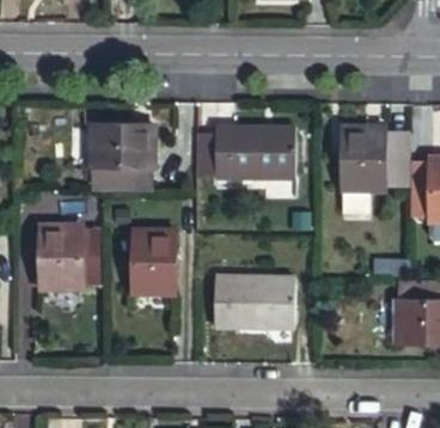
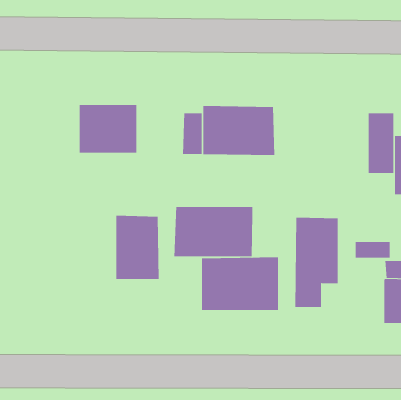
building: [338,127,383,218] -> [294,217,338,308]
building: [38,221,82,291] -> none
building: none -> [174,206,253,257]

